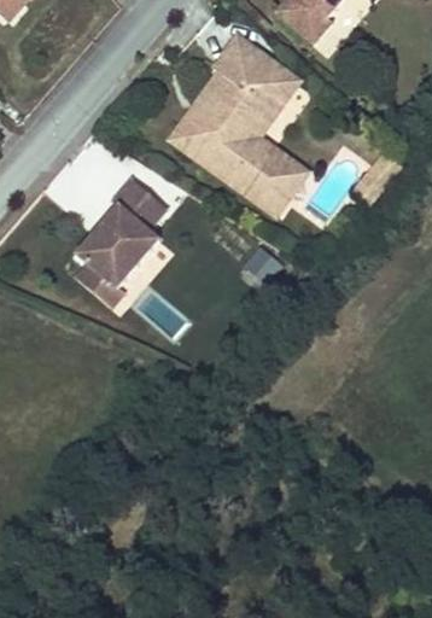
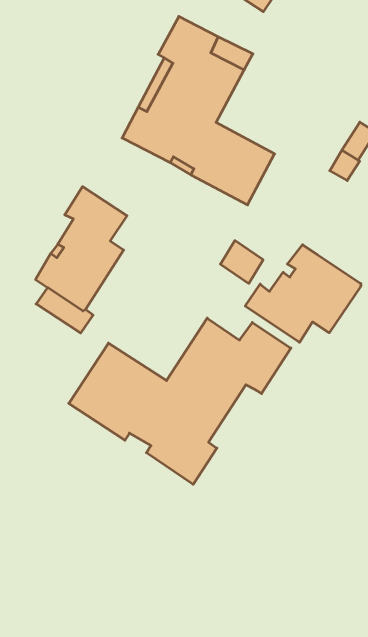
building: none -> [245,245,361,342]
building: none -> [69,318,291,484]

